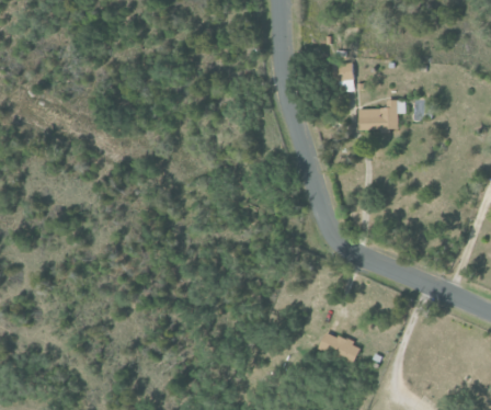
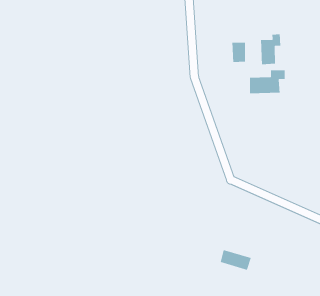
building: none -> [260,34,281,65]

